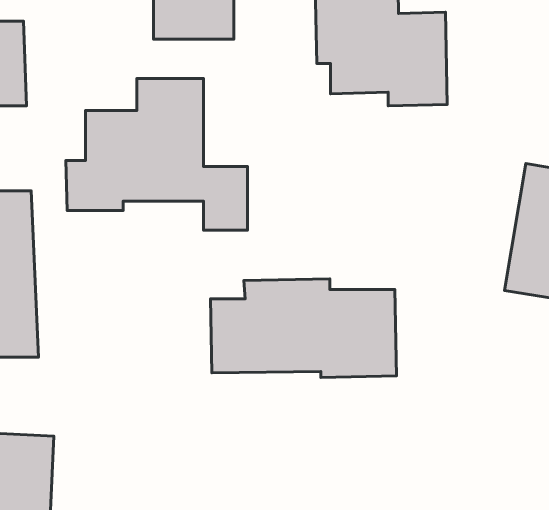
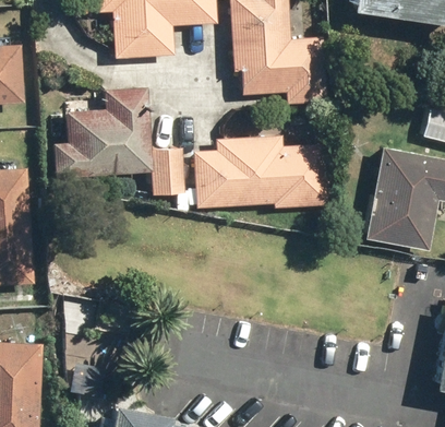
building: [210,279,396,377] -> [195,140,329,211]

